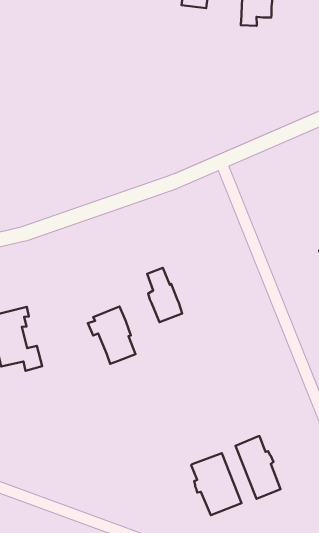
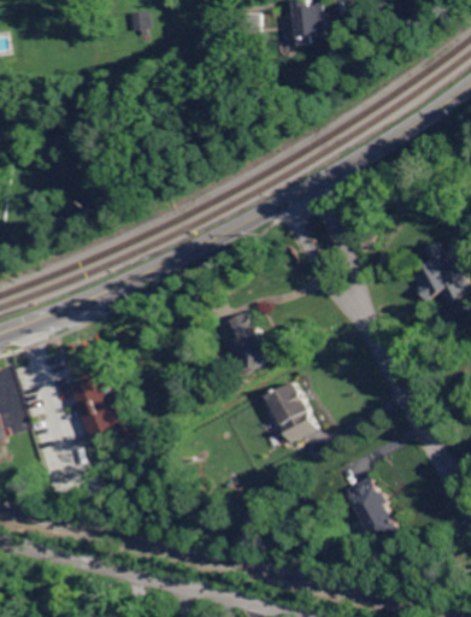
building: [88,307,135,364] -> [260,382,314,443]
building: [191,453,242,515] -> none

